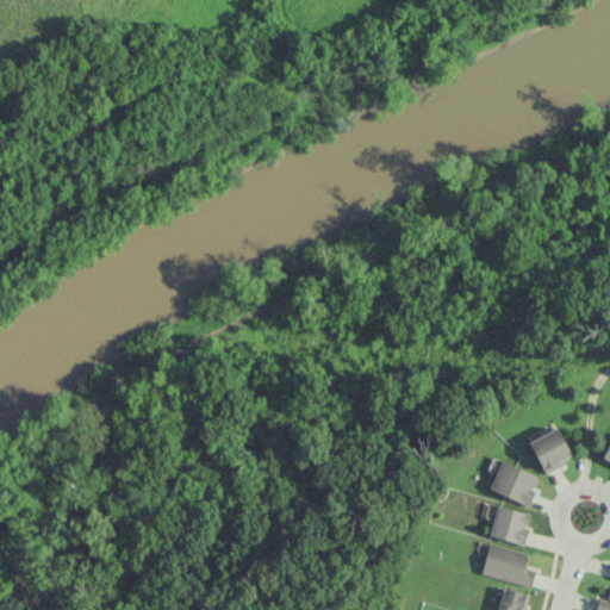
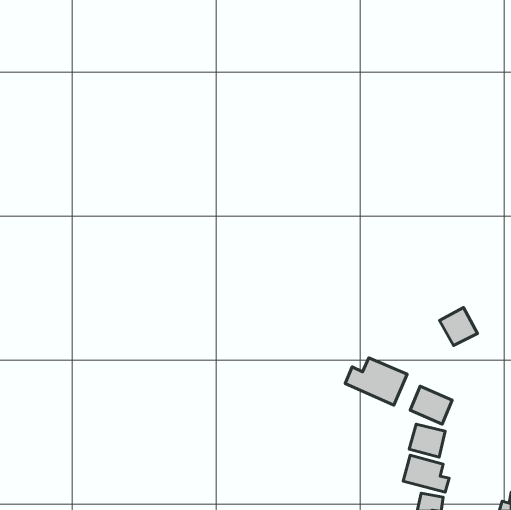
building: none -> [345,358,407,405]
building: [528,428,573,473] -> [439,307,477,345]

